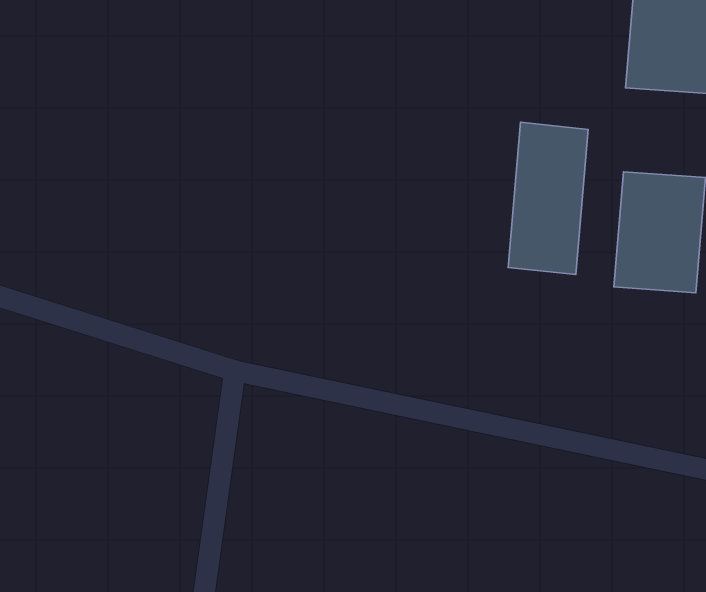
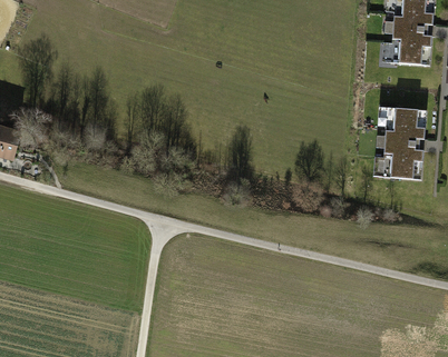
building: [508,122,588,274] -> none

